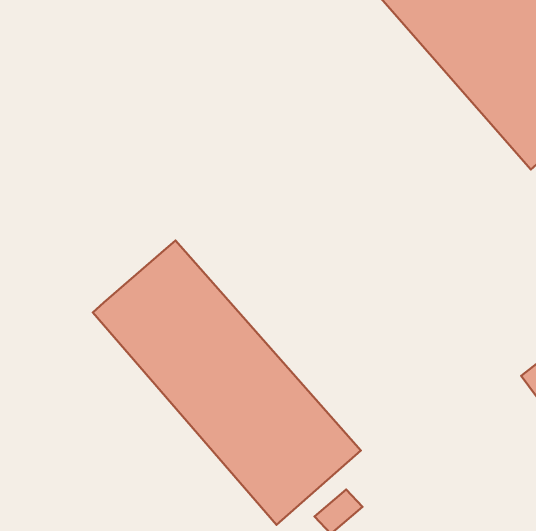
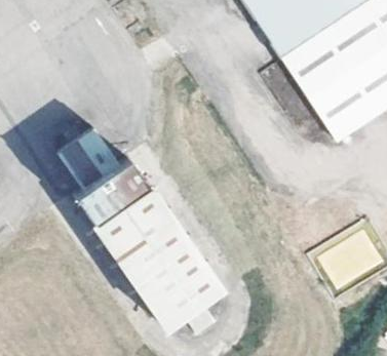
building: none -> [56,127,117,188]

